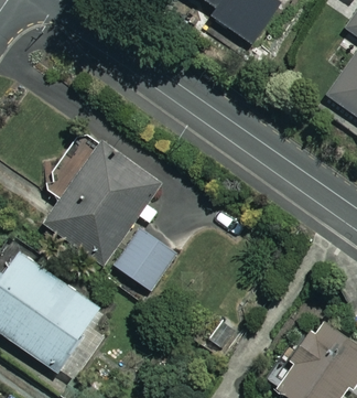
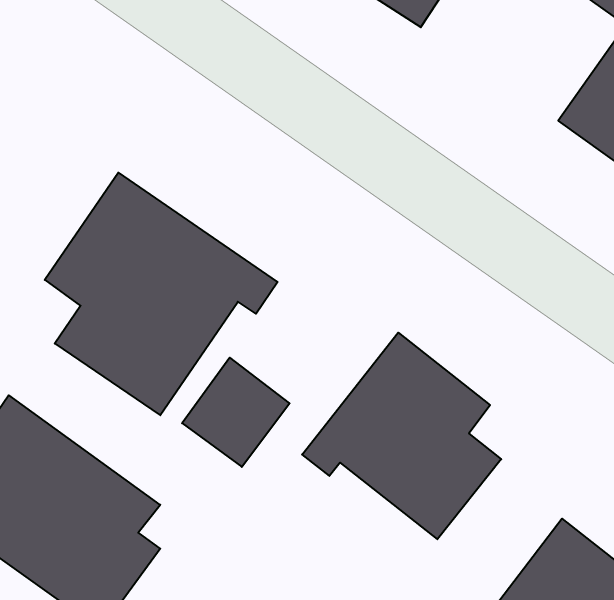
building: none -> [302,333,501,539]

